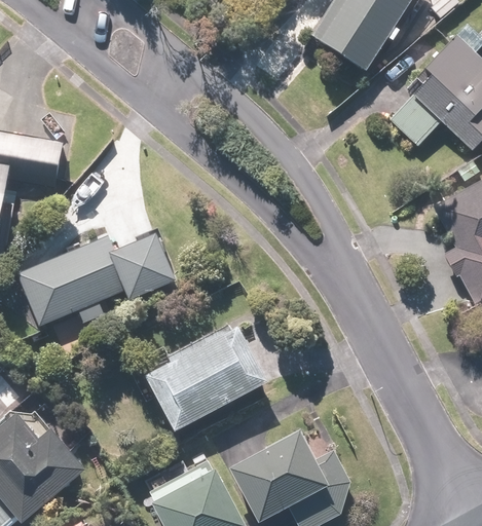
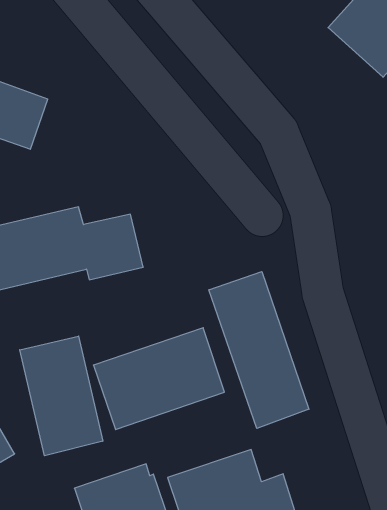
building: none -> [209,272,309,428]
building: none -> [20,336,103,456]

